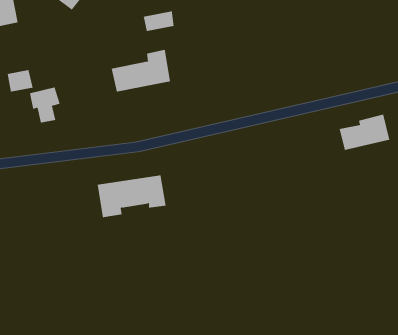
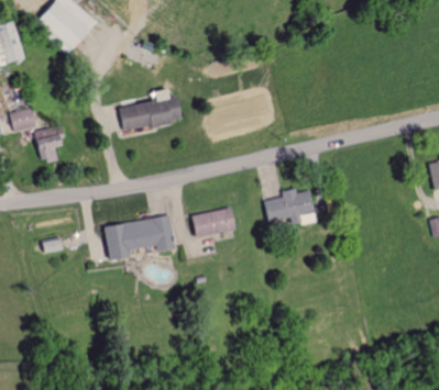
building: [143,11,174,32] -> none
building: [339,114,390,150] -> [263,186,316,223]
building: none -> [190,208,235,238]

